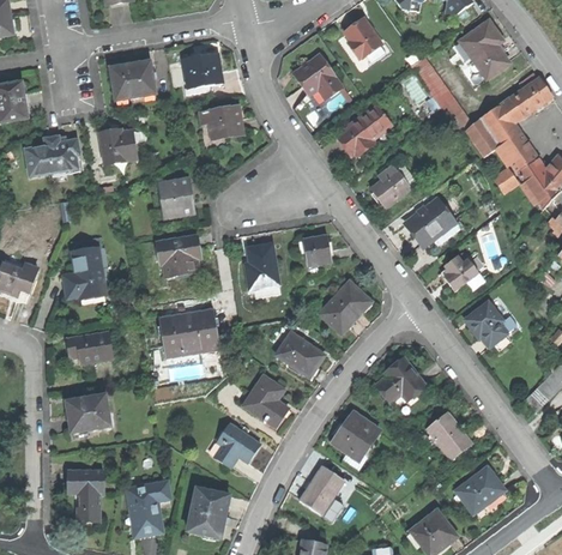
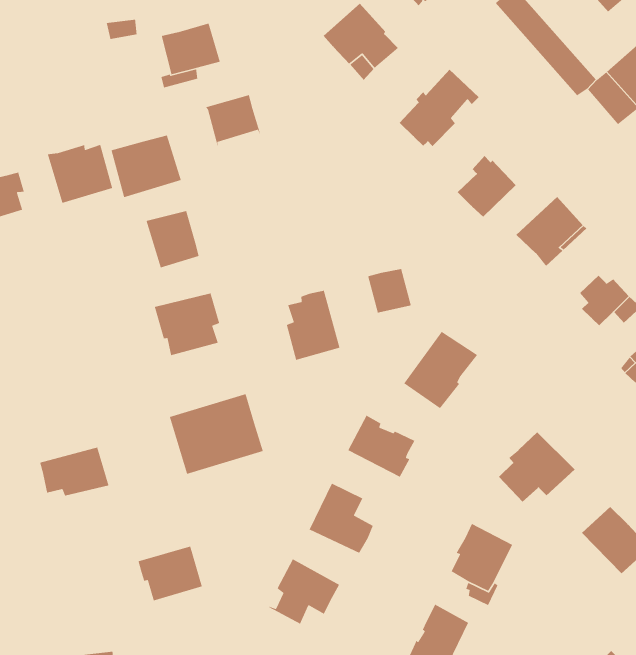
building: [109,61,155,101] -> [111,134,182,198]
building: [62,246,105,298] -> none
building: [68,396,110,430] -> [138,546,203,602]

